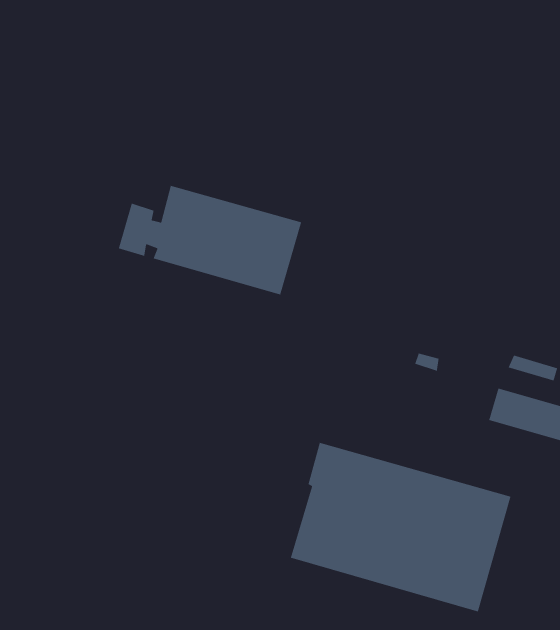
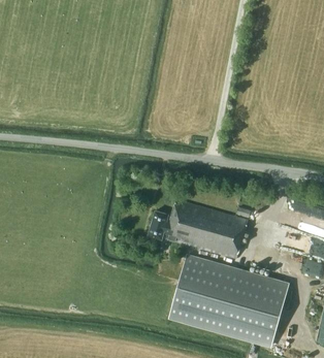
building: [118,185,302,296] -> [149,199,247,258]

